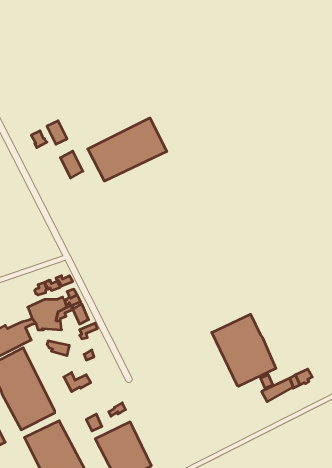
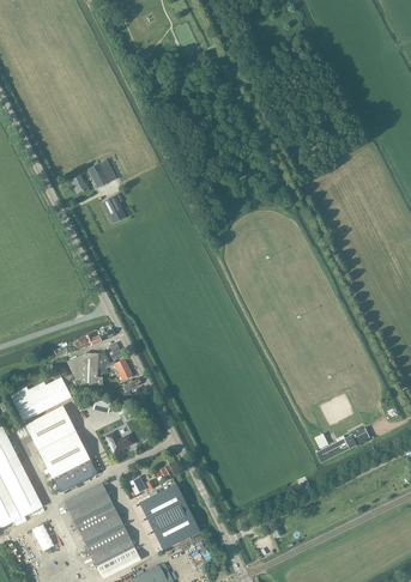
building: [88,118,167,181] -> none
building: [212,314,276,386] -> none

